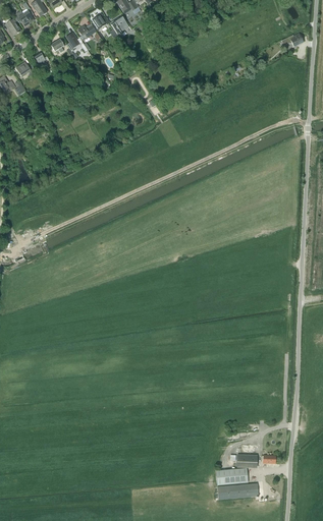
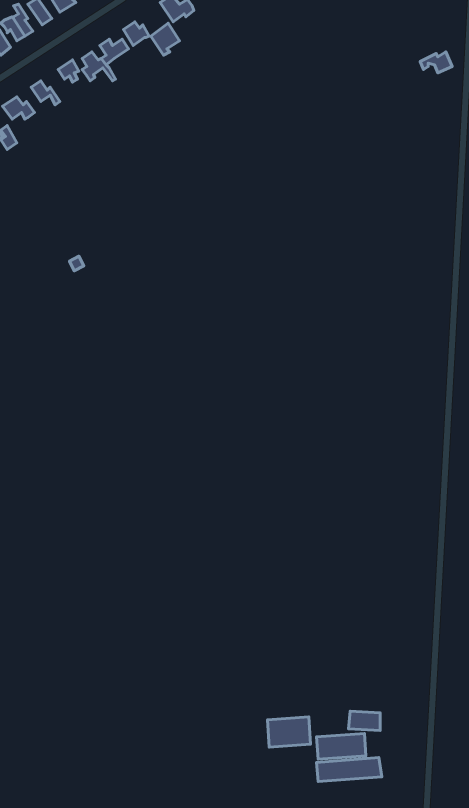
building: none -> [267,717,311,747]

